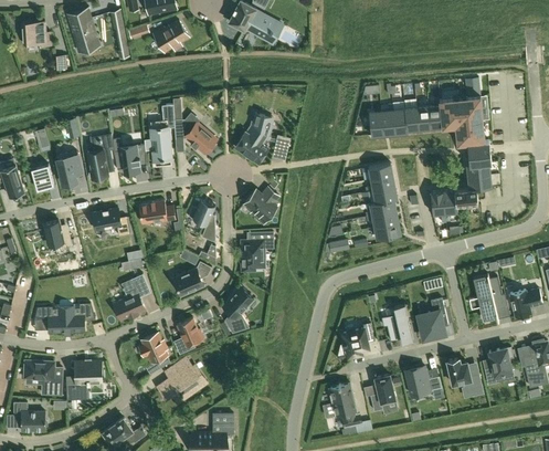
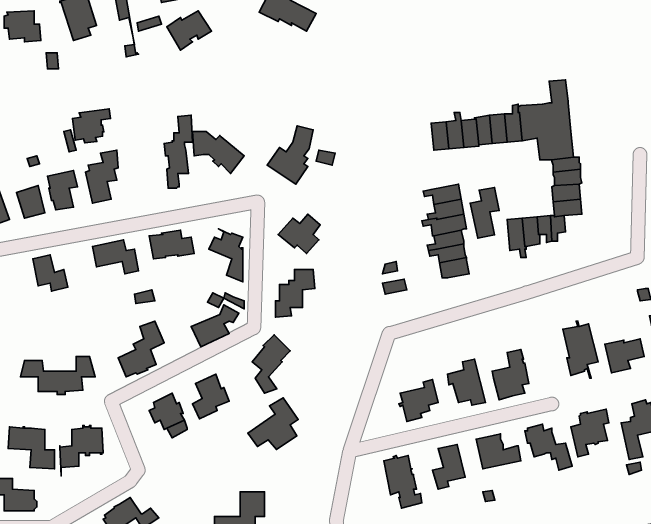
building: [115,144,146,171] -> [73,109,111,143]
building: none -> [470,188,499,238]
building: [158,358,199,400] -> [248,398,298,449]

